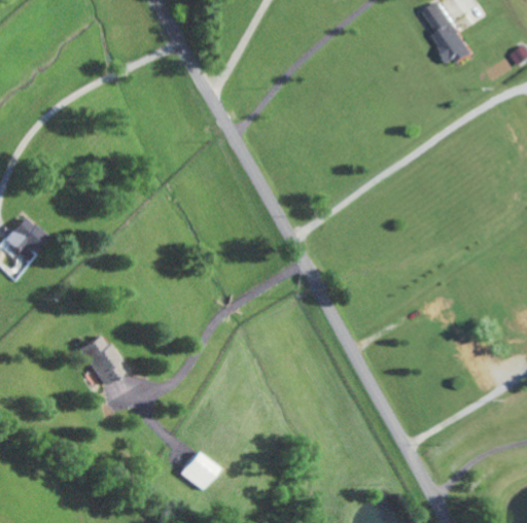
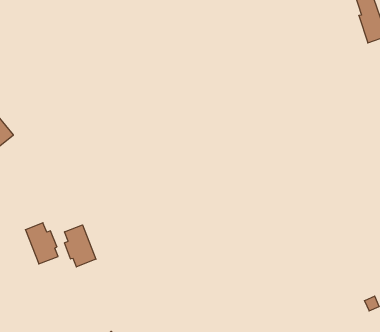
building: none -> [65,225,96,267]

